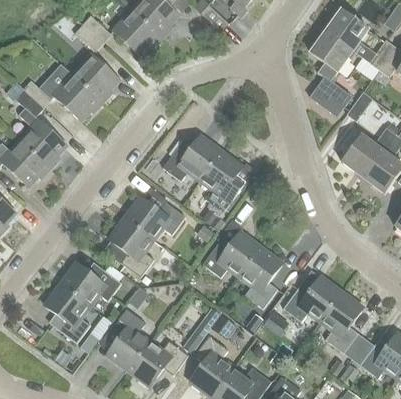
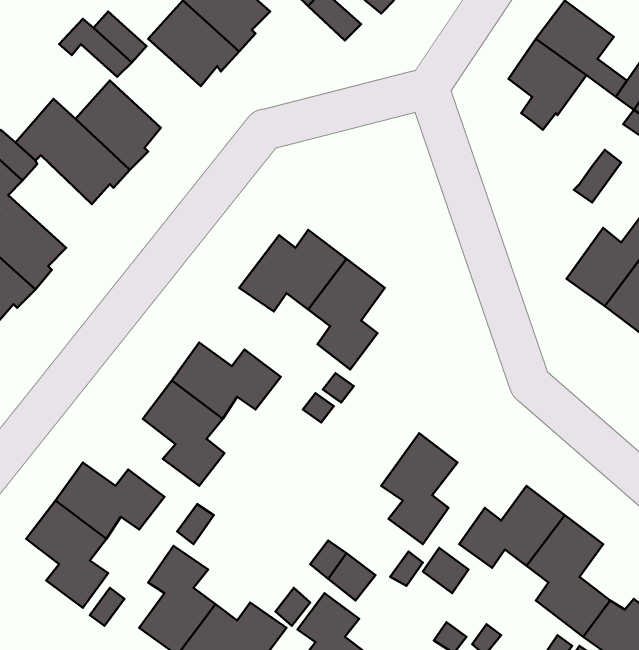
building: [309,76,352,117] -> none
building: [202,232,261,277] -> none

